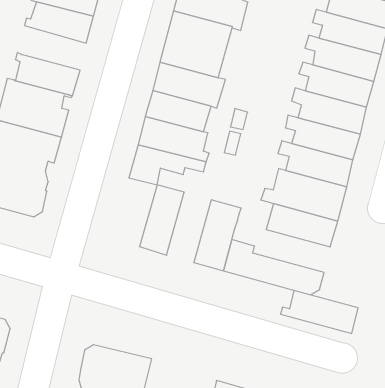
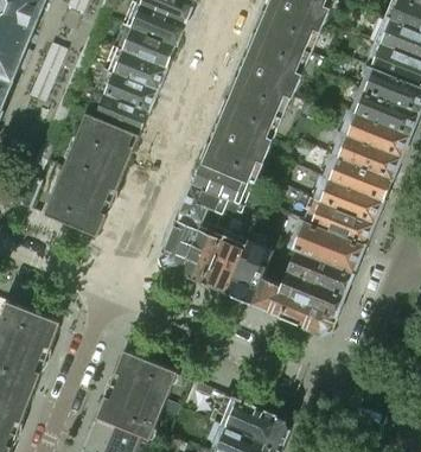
building: none -> [100,68,157,113]
building: none -> [160,211,202,272]
building: none -> [202,230,247,292]
building: [281,290,358,333] -> [276,272,344,316]

